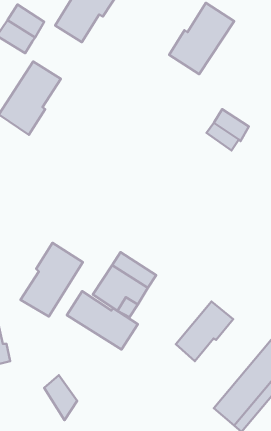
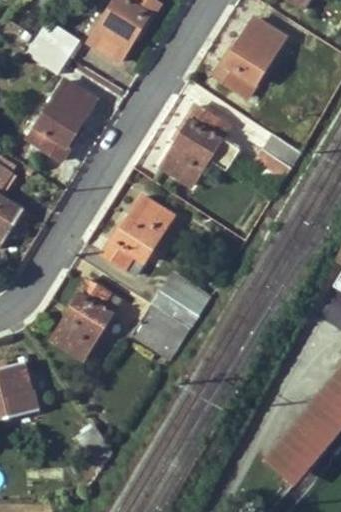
building: none -> [161,105,238,184]
building: none -> [102,196,173,274]
building: [67,291,138,349] -> none
building: [176,301,233,361] -> none

